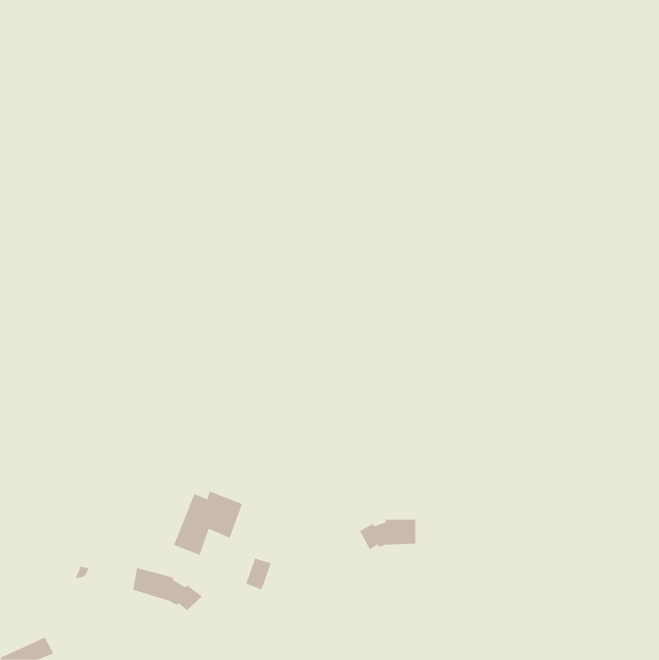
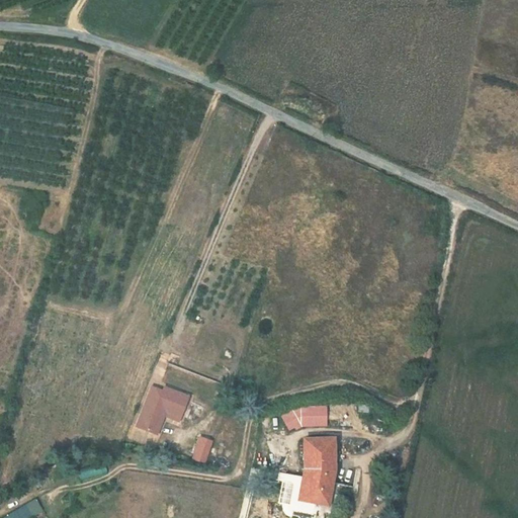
building: none -> [303,439,334,507]
building: [132,567,203,611] -> none

